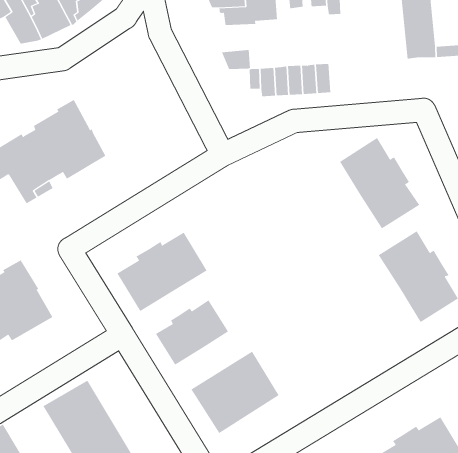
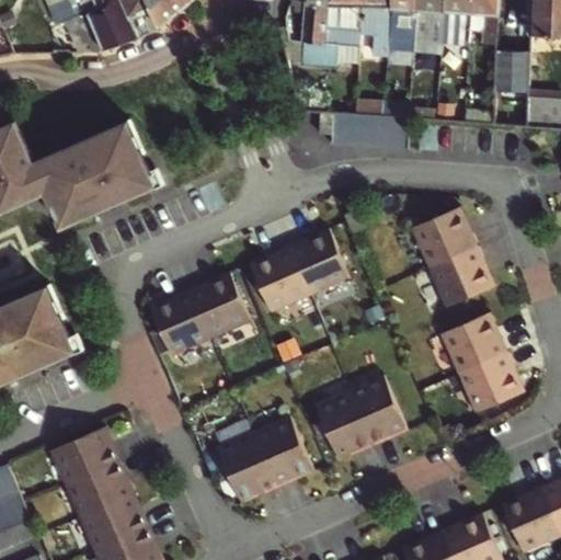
building: none -> [250,233,350,313]
building: [155,300,229,366] -> none
building: none -> [312,375,403,457]

